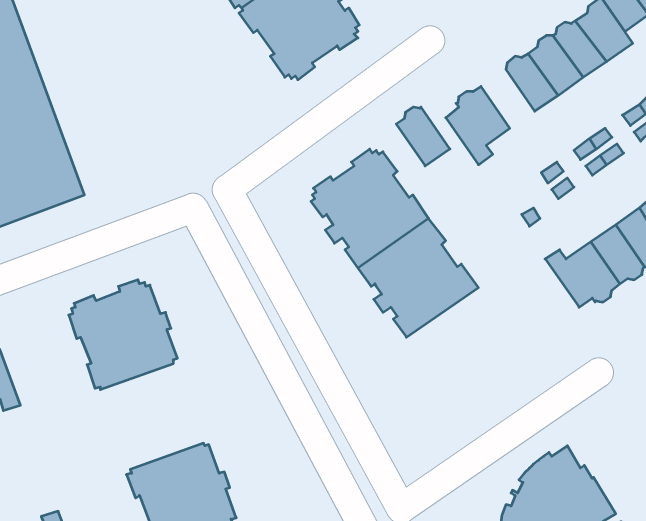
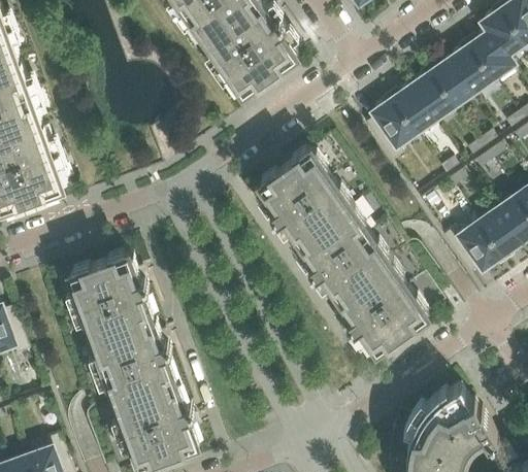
building: [396,107,450,166] -> [390,87,432,133]
building: none -> [331,259,424,352]
building: none -> [88,318,173,402]

